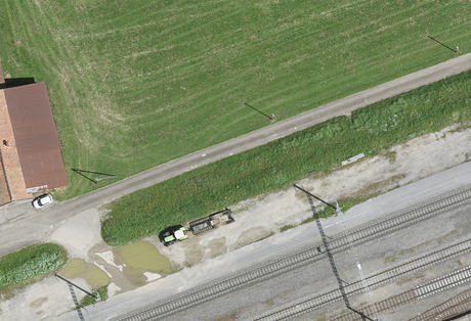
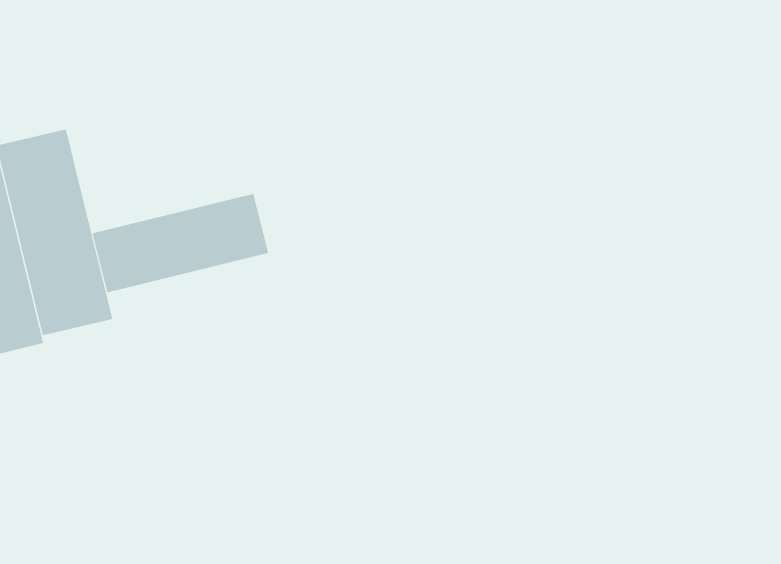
building: none -> [92,193,269,293]

